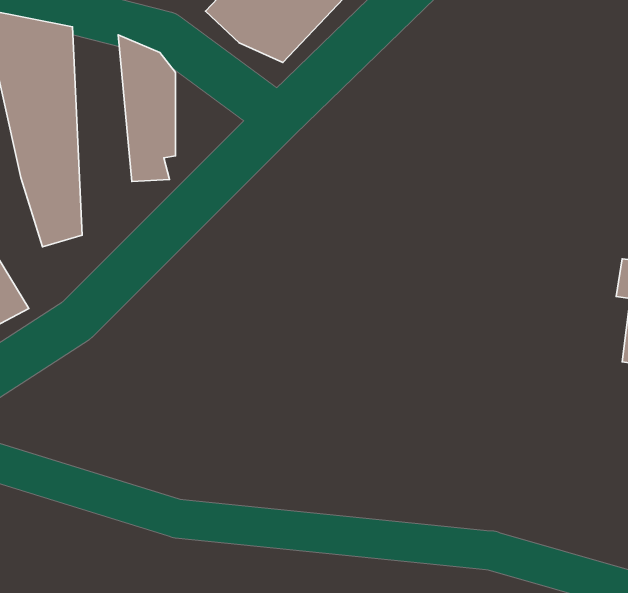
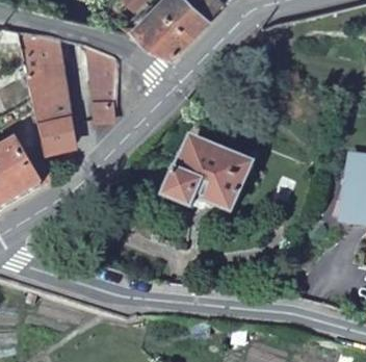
building: none -> [165,136,251,210]

